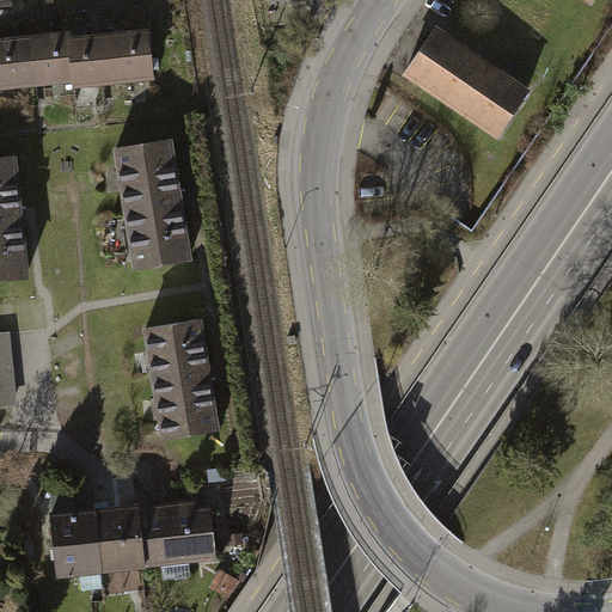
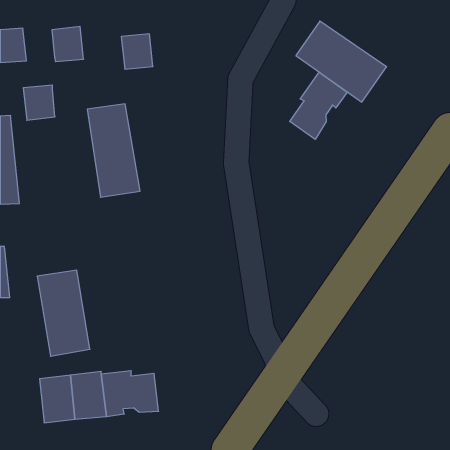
building: [109,32,152,80] -> [121,34,153,69]
building: [31,35,74,82] -> [23,85,55,120]
building: none -> [290,72,347,139]
building: [146,320,218,437] -> [37,270,90,356]

